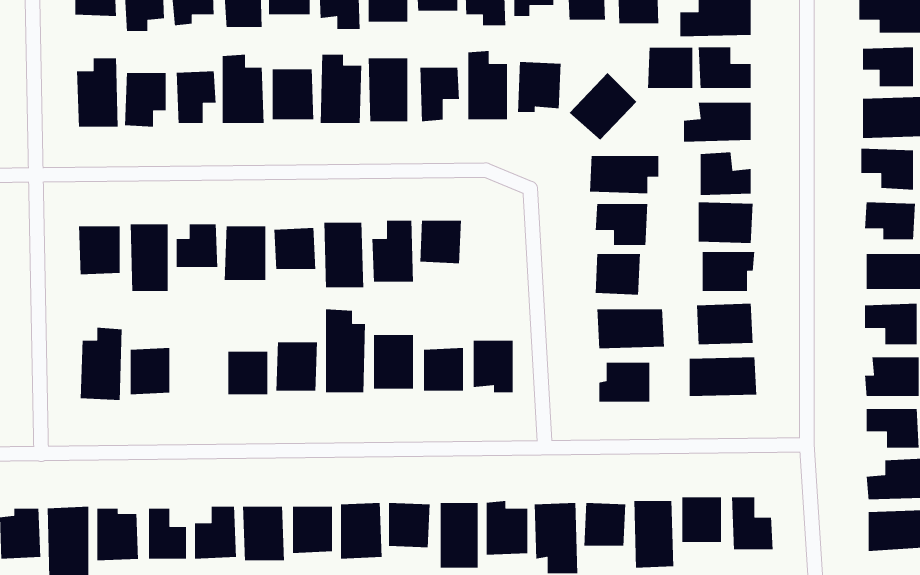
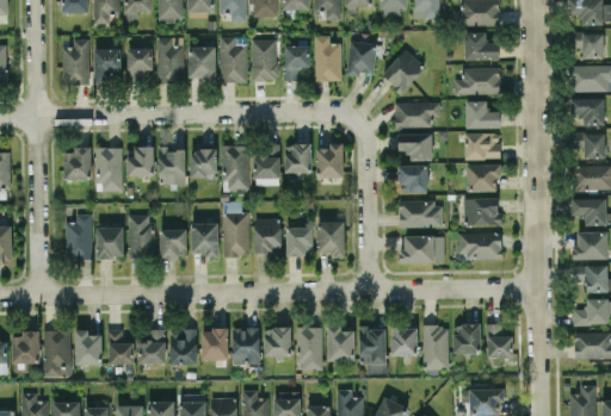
building: [647,47,693,89] -> none
building: none -> [316,143,344,178]
building: none -> [126,215,154,257]

